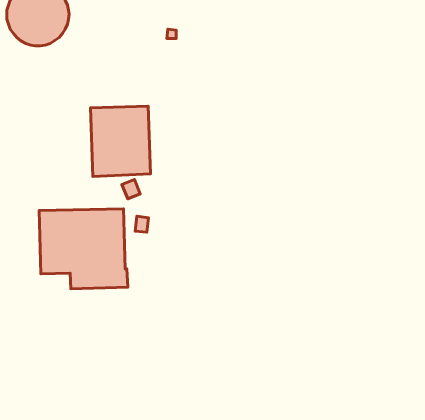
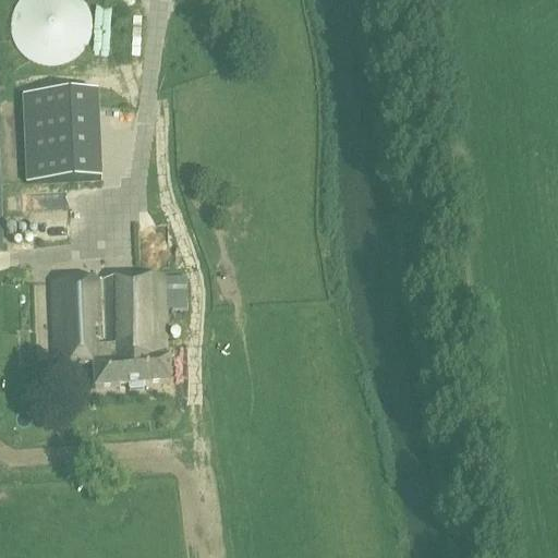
building: [90,106,151,176] -> [22,89,100,181]

